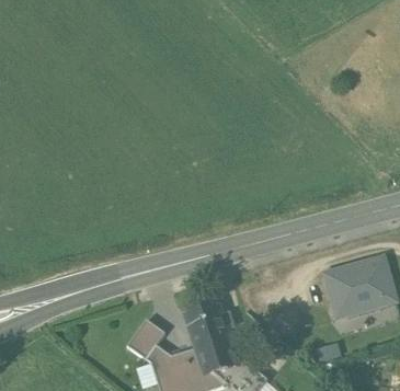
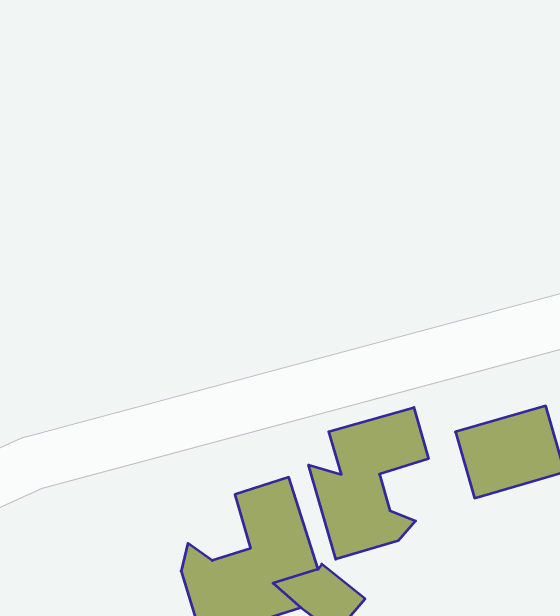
building: none -> [309,407,428,559]
building: [128,318,167,361] -> none

